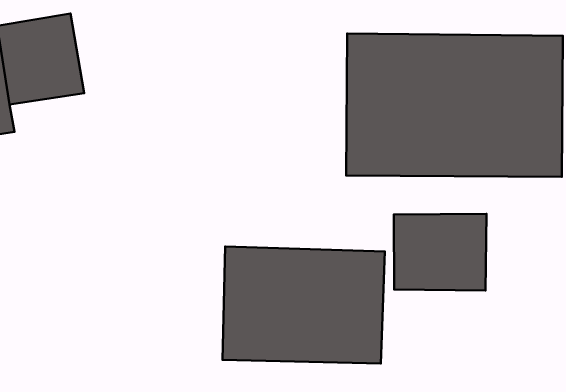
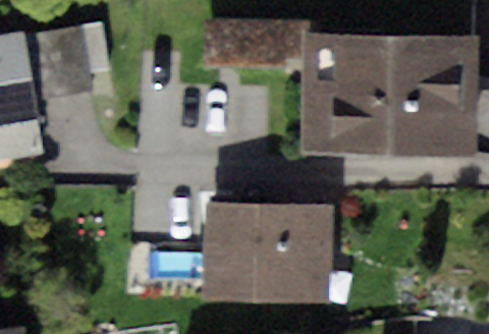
building: none -> [209,22,298,66]
building: [394,214,486,290] -> none

